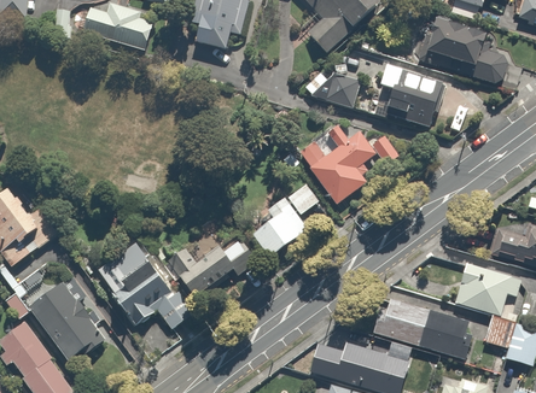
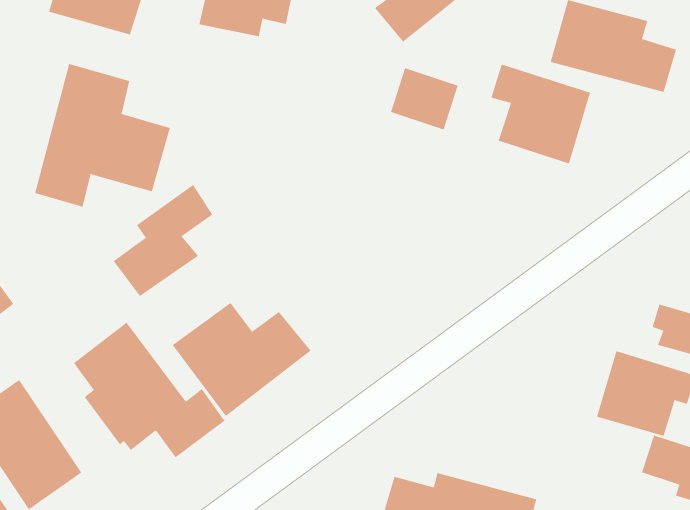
building: none -> [34,63,171,208]
building: [296,119,402,209] -> none
building: [251,180,319,256] -> [113,184,213,297]
building: [371,295,470,357] -> none

